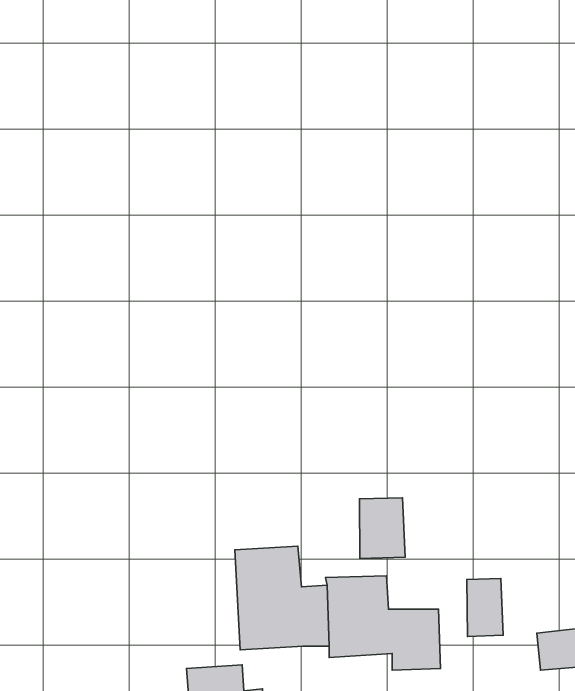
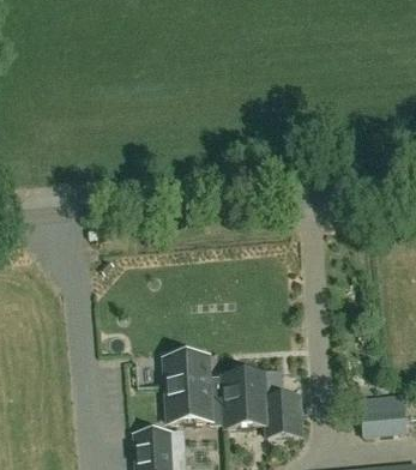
building: [360,498,405,559] -> none
building: [467,579,503,636] -> none

